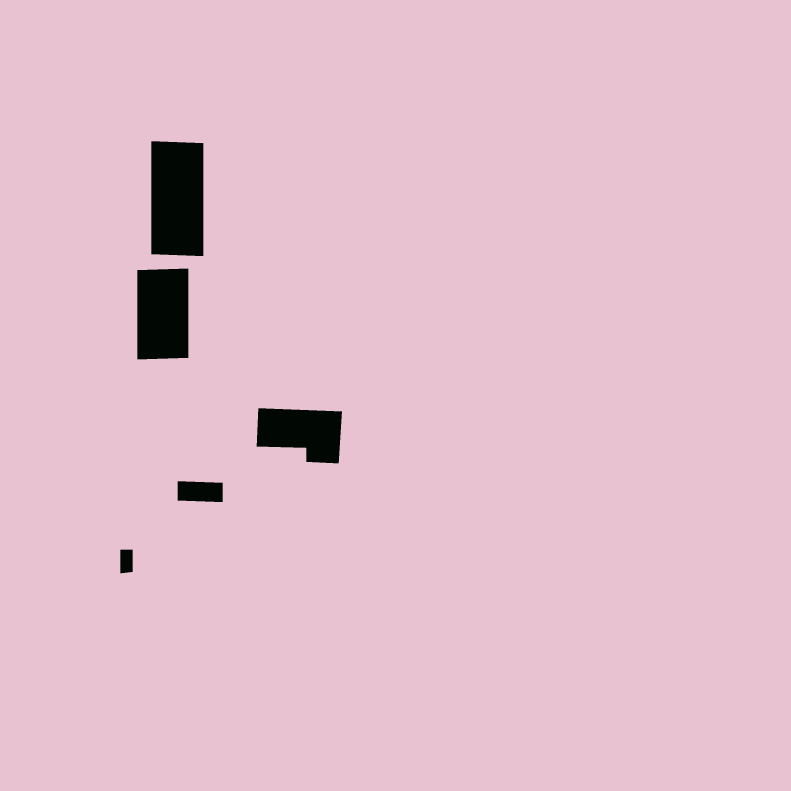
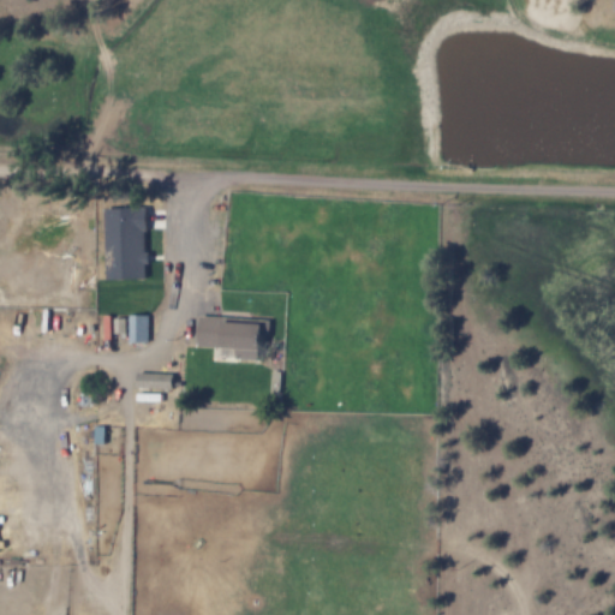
building: [151,140,204,257] -> none
building: none -> [126,316,147,344]

